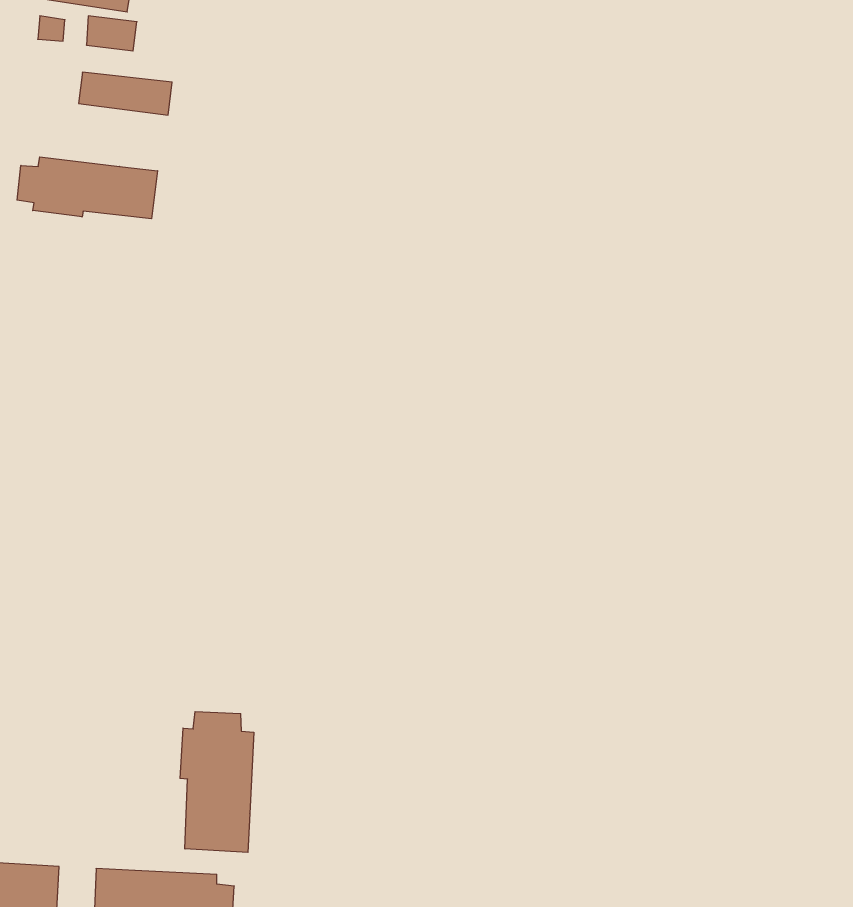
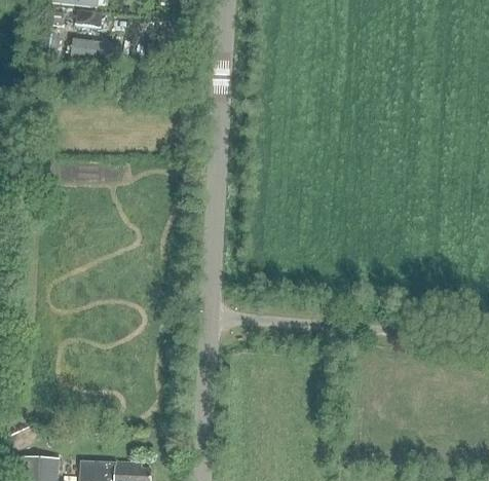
building: [17,157,158,219] -> none
building: [180,712,254,852] -> none

